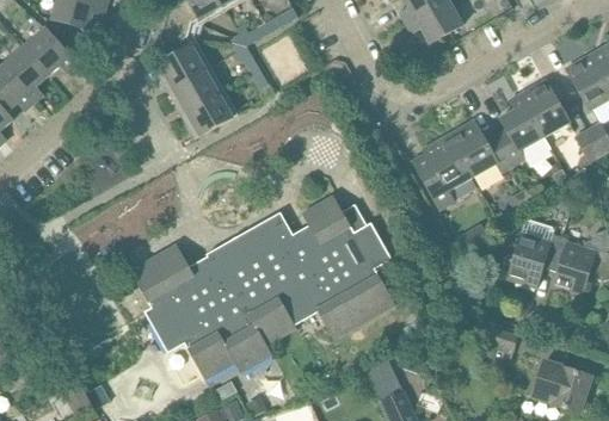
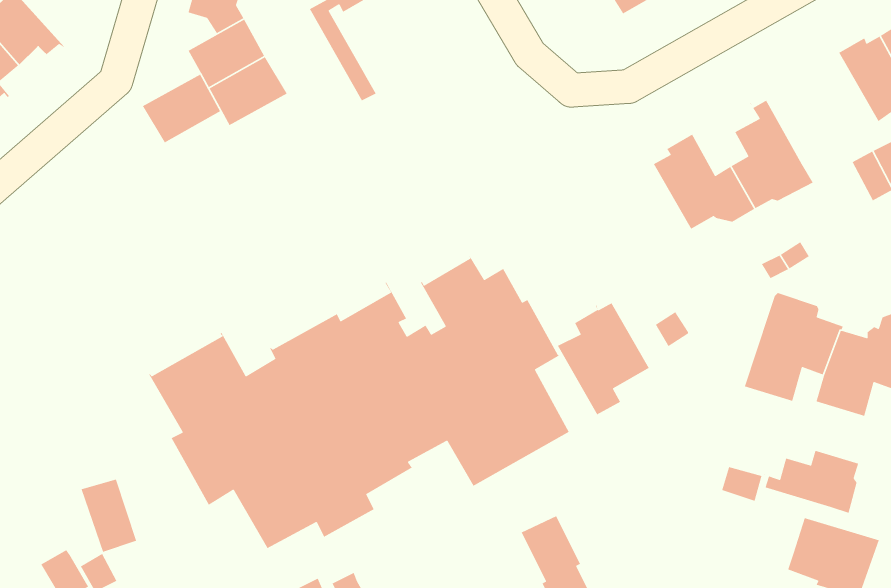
building: [519,79,570,137] -> none
building: [180,93,230,137] -> [142,74,221,143]
building: [413,137,472,209] -> [557,302,650,415]
building: none -> [763,450,859,514]
building: none -> [81,478,137,553]

